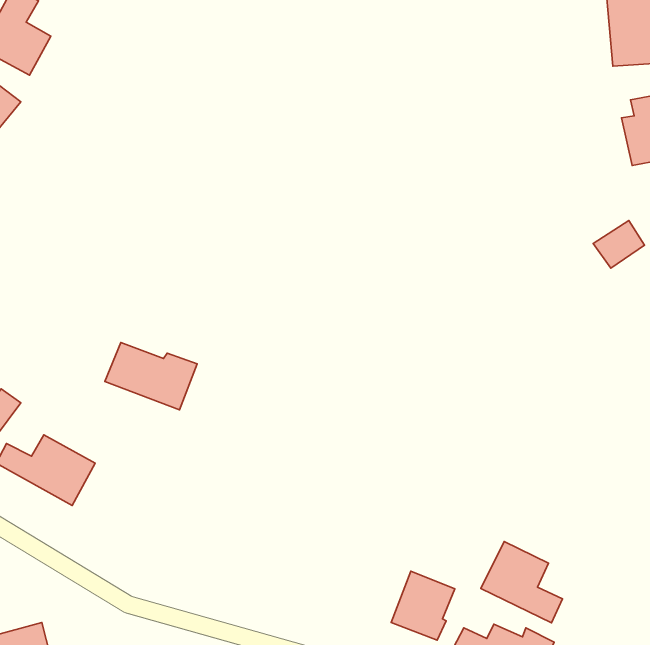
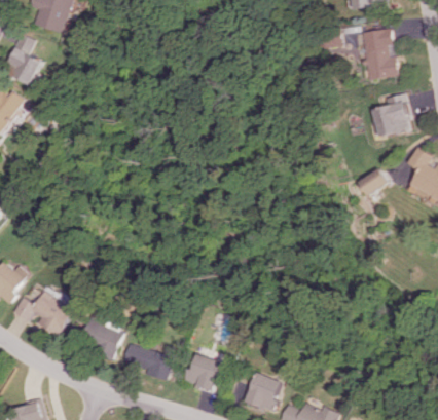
building: [105,343,197,410] -> [68,313,121,352]
building: none -> [119,343,172,379]
building: none -> [184,354,219,390]
building: [481,542,563,623] -> none

